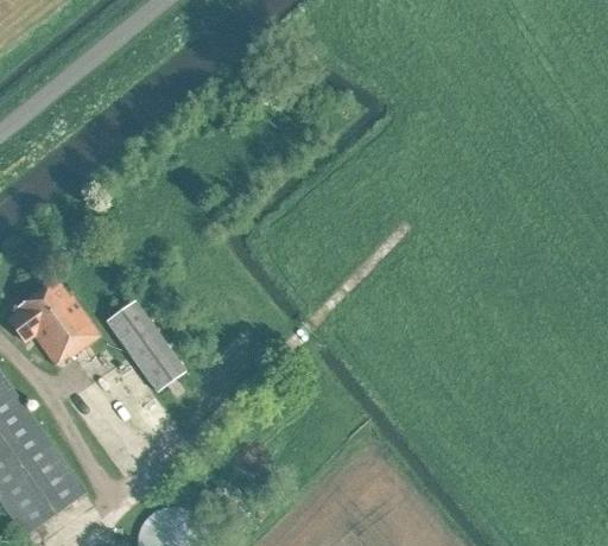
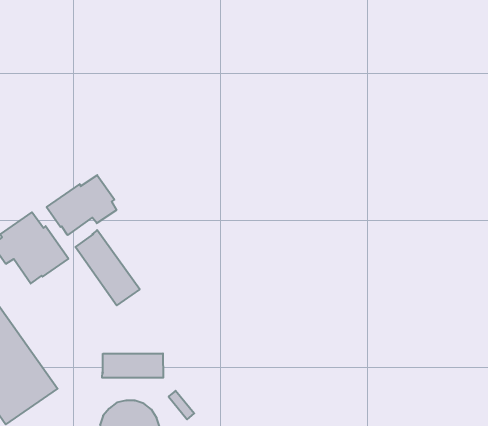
building: none -> [47,175,116,235]
building: none -> [102,353,163,378]

